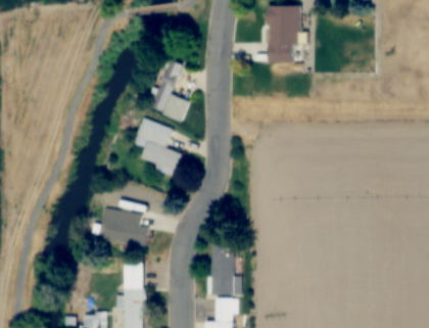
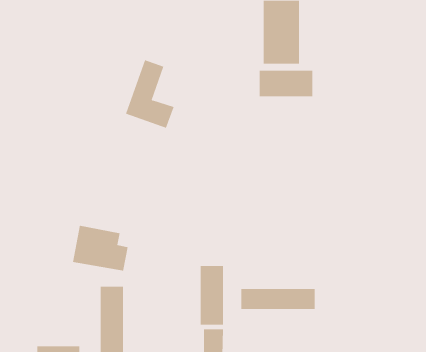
building: none -> [259,70,313,97]
building: [133,118,182,172] -> none
building: none -> [241,288,315,310]

